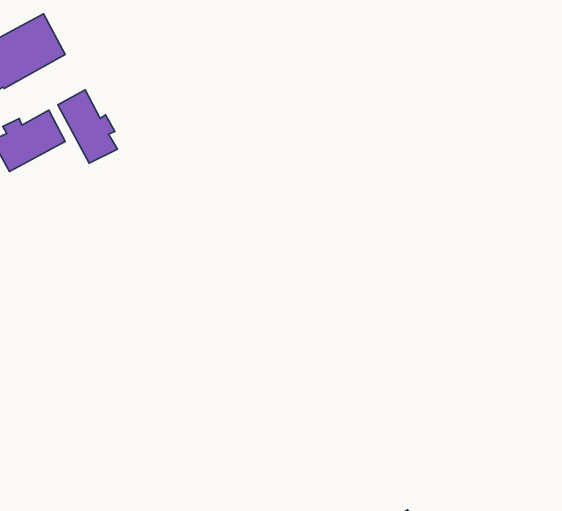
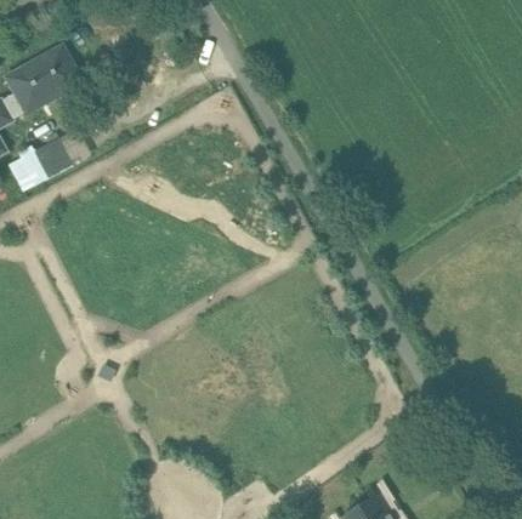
building: [58,90,118,163] -> none

